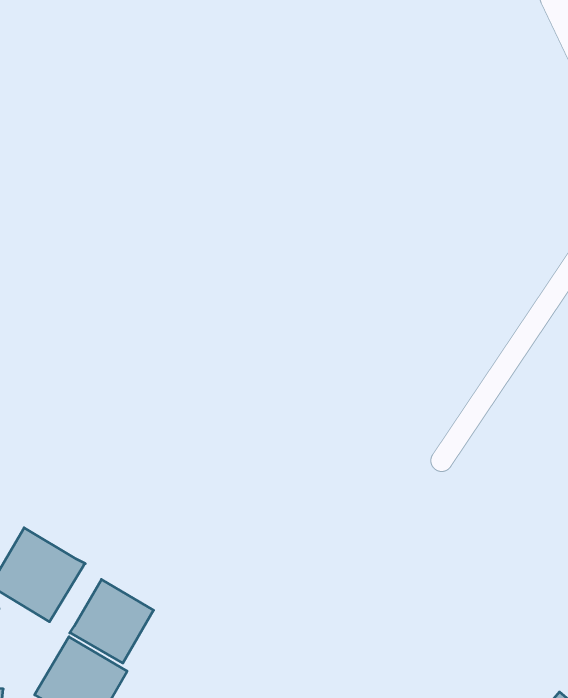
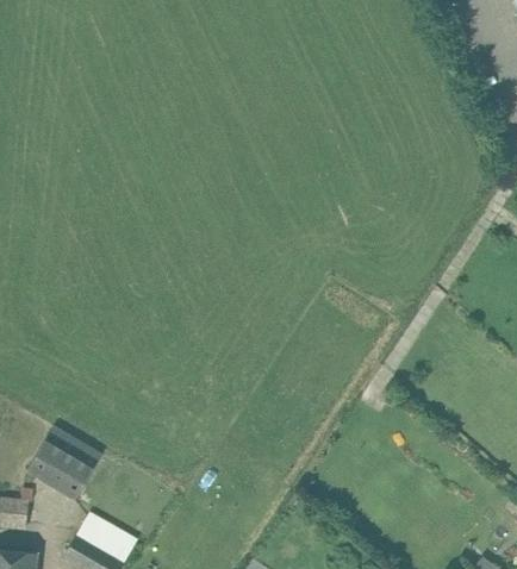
building: [70,579,154,663] -> none

